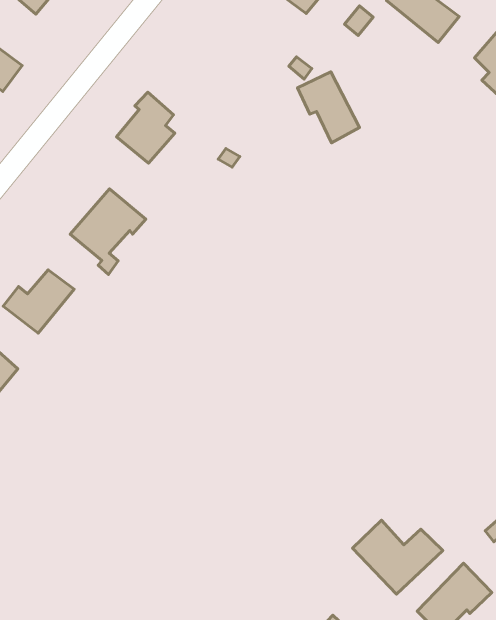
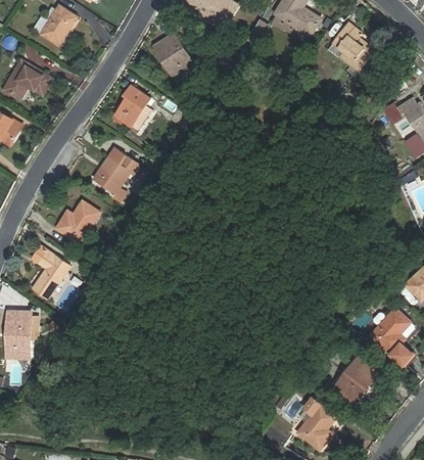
building: [298,72,359,143] -> [154,34,195,78]
building: [353,520,443,594] -> none

